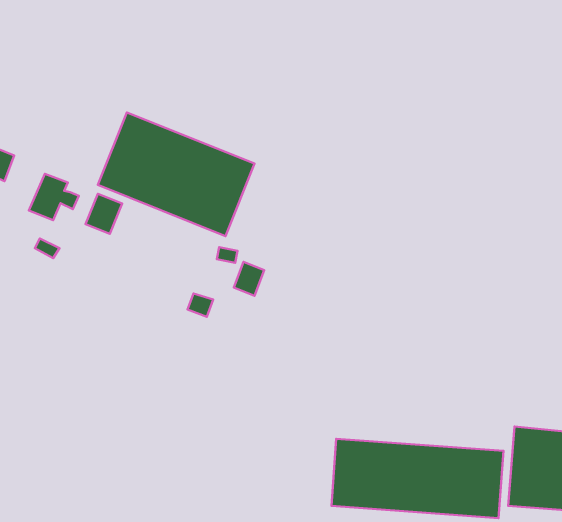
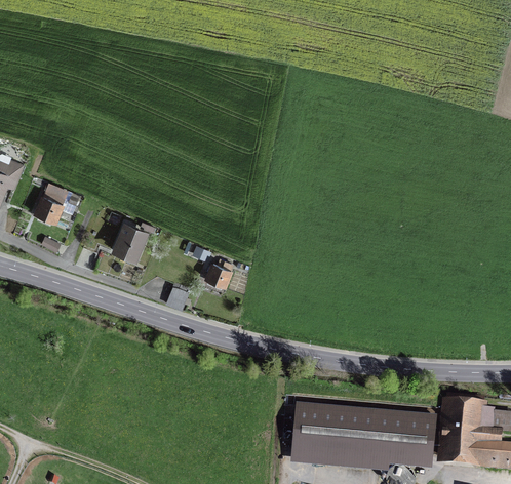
building: [98,112,255,236] -> none
building: [86,194,122,234] -> [115,223,146,256]

